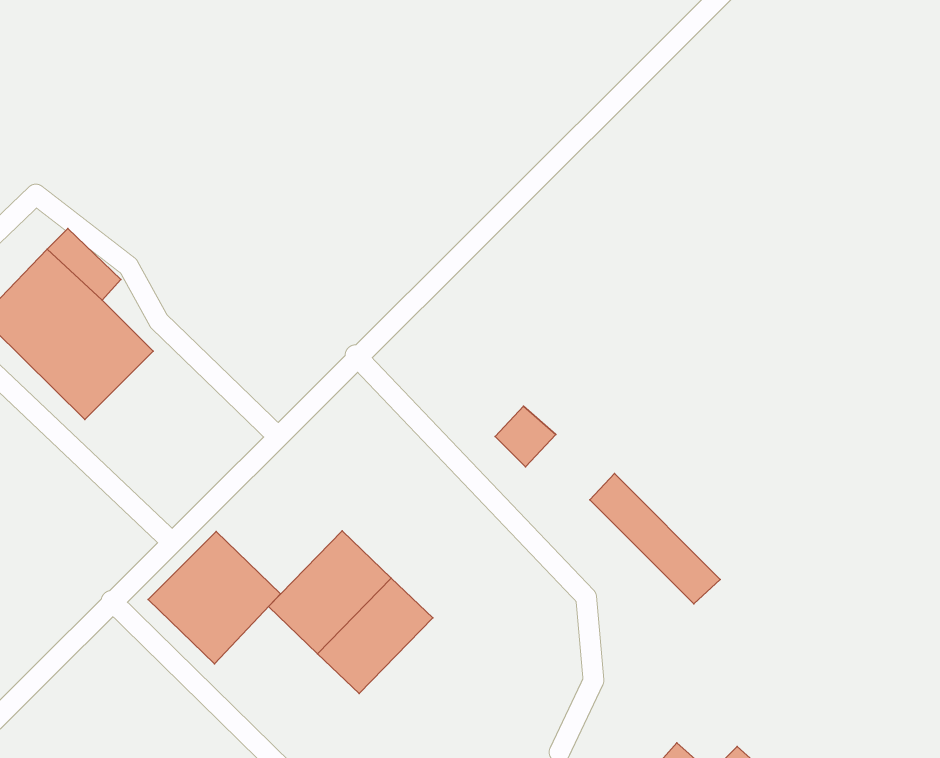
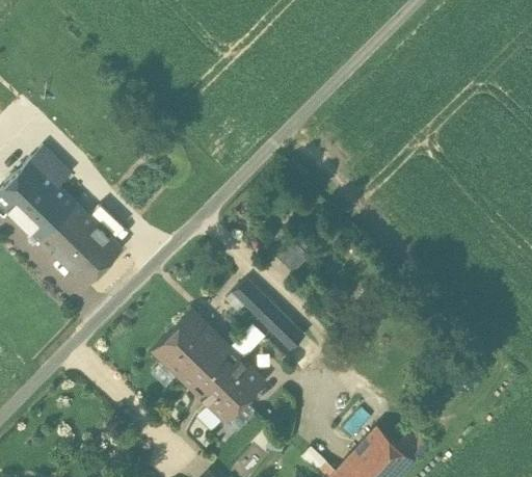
building: [590,473,720,604] -> [233,282,304,353]
building: [148,531,281,664] -> [51,214,124,287]
building: none -> [202,361,265,424]

